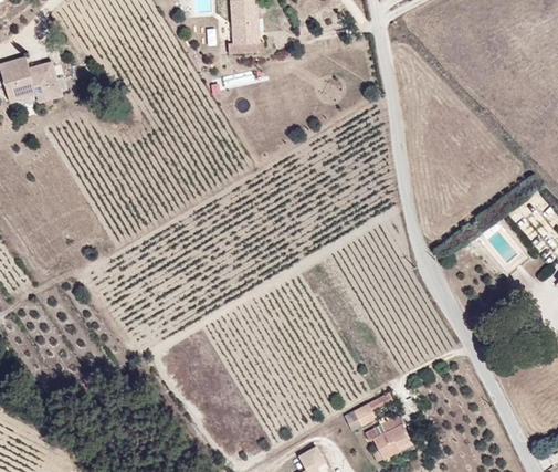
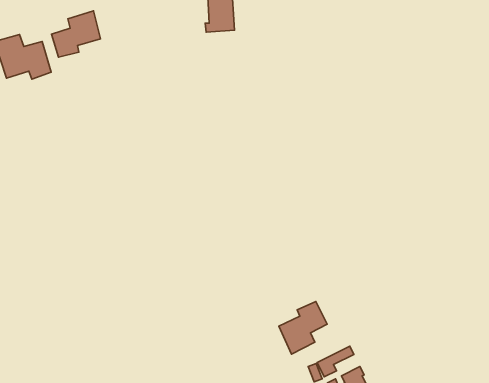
building: none -> [52,11,101,57]
building: none -> [279,301,327,354]

